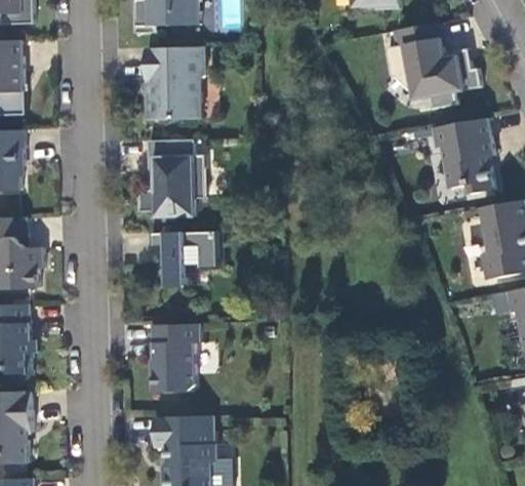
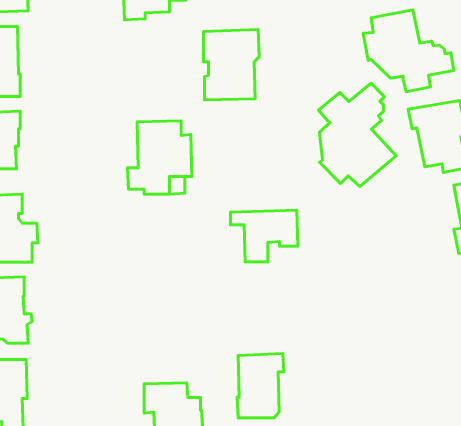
building: [147,46,205,120] -> [204,30,259,100]
building: none -> [318,83,396,187]
building: [151,231,221,285] -> [231,210,298,262]
building: [152,323,201,391] -> [237,353,284,418]

